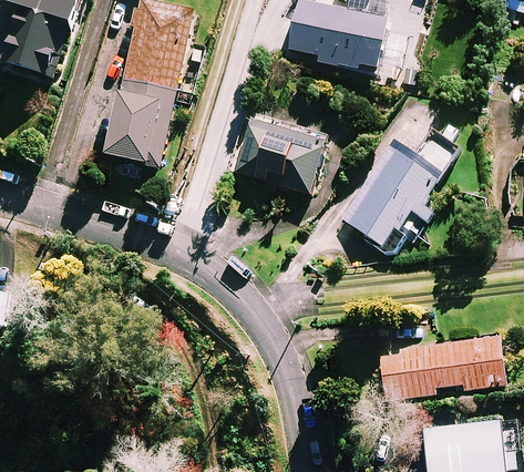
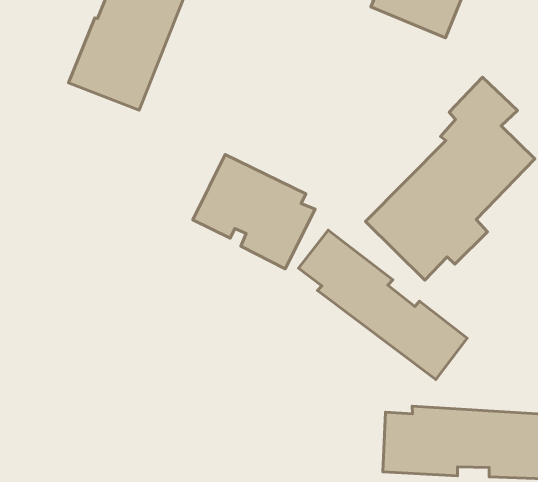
building: [235,117,323,194] -> [193,154,315,269]
building: none -> [298,230,467,380]

